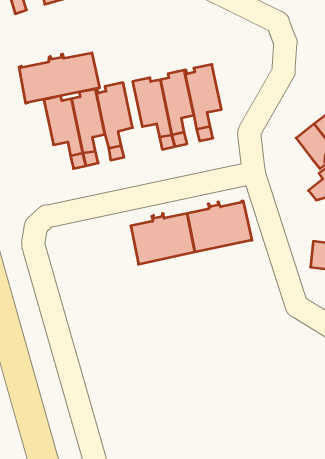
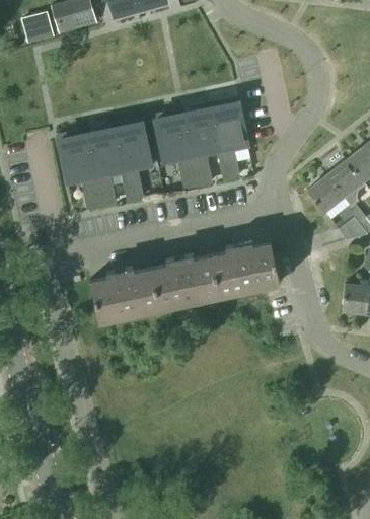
building: [19,53,99,103] -> none
building: none -> [306,176,343,214]
building: none -> [89,270,158,323]

